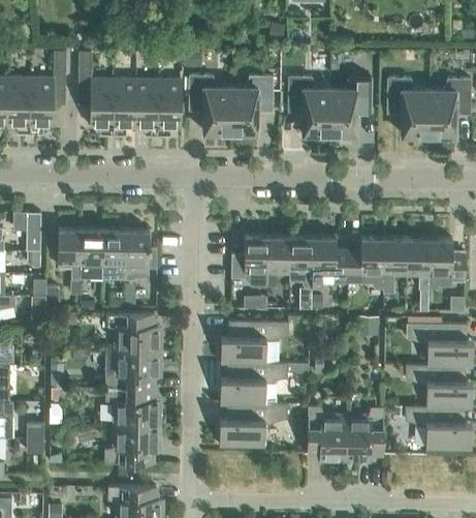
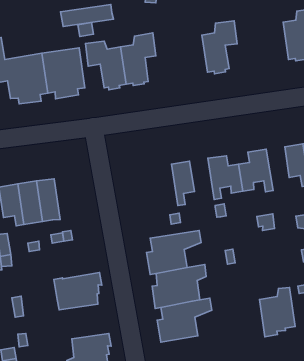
building: none -> [61,4,114,26]
building: [288,78,330,136] -> none
building: [387,79,430,139] -> none
building: [125,231,157,280] -> none
building: [231,236,268,287] -> none
building: [290,237,313,287] -> none
building: [384,238,407,288] -> none
building: [106,313,161,352] -> none
building: [105,388,160,426] -> none
building: [308,405,346,461] -> none

